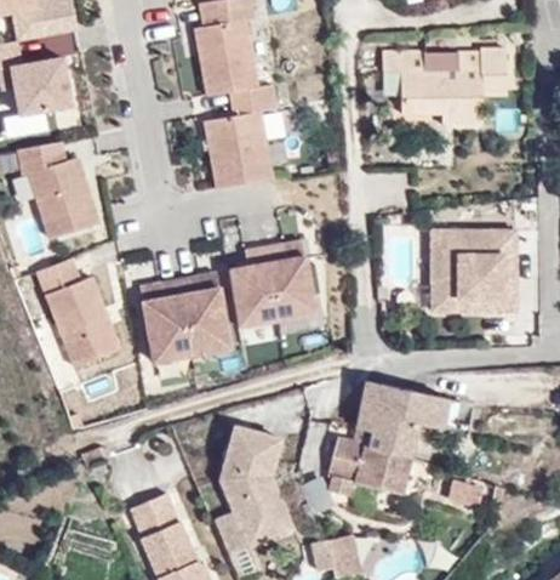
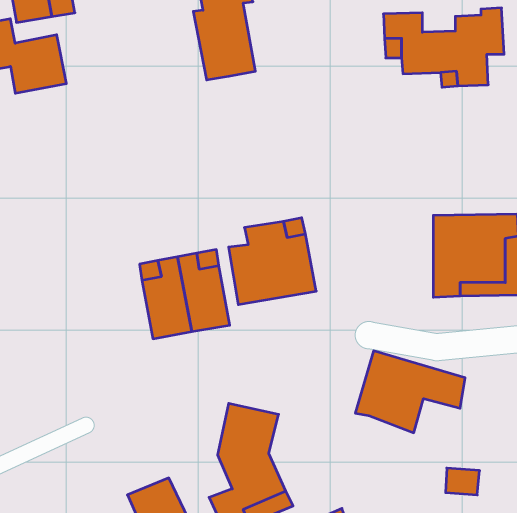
building: [205,90,278,195] -> none
building: [17,141,96,239] -> none
building: [36,263,120,373] -> none
building: [330,427,415,494] -> none

